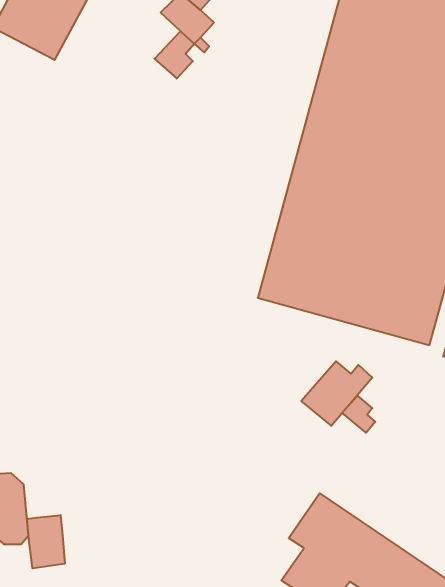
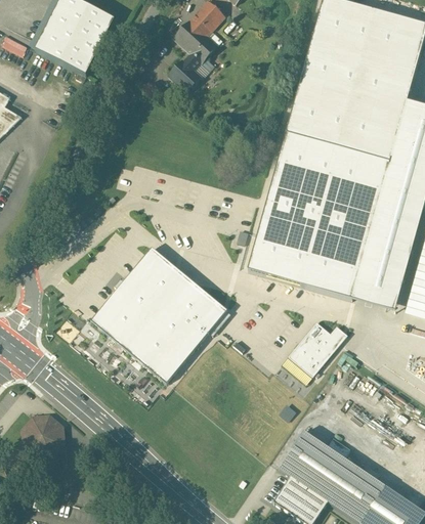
building: none -> [90,247,226,383]
building: [342,396,375,433] -> none
building: [27,515,65,568] -> none

